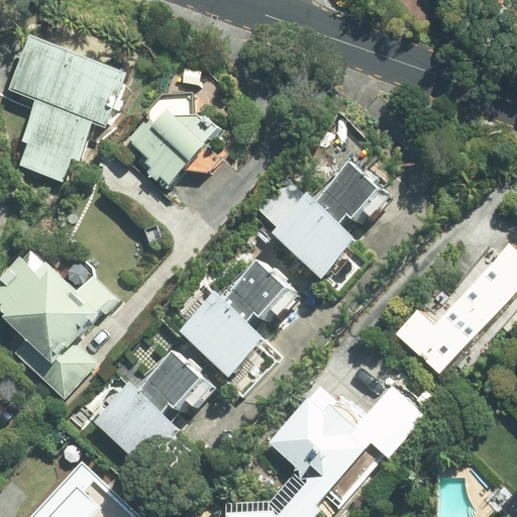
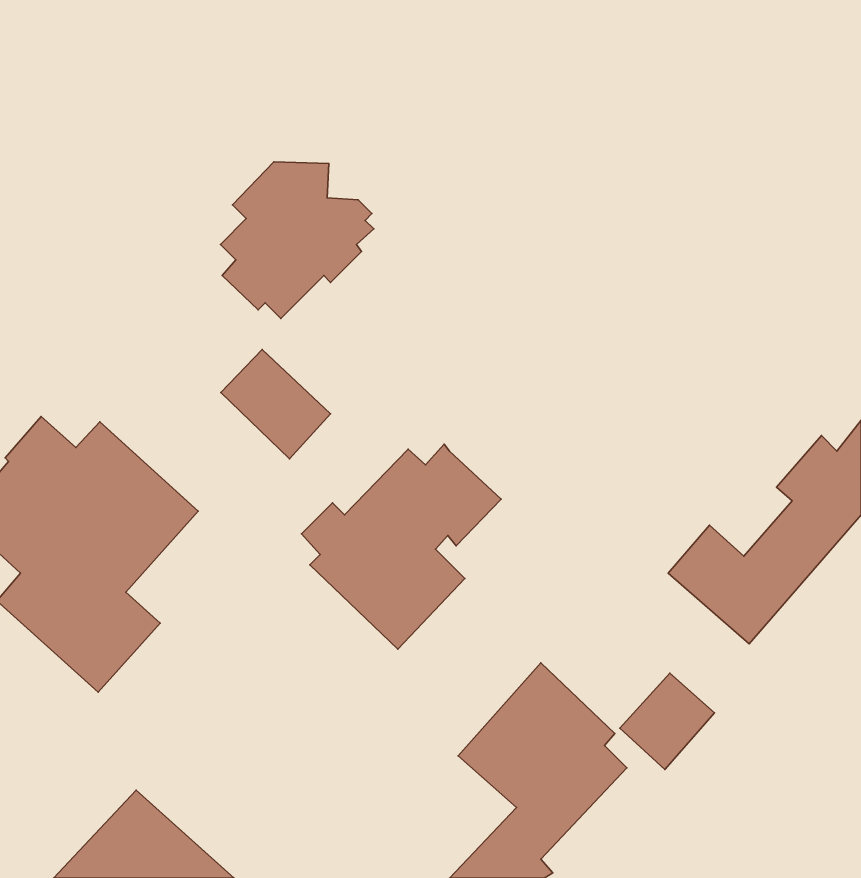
building: [9,31,131,183] -> none
building: [253,164,388,283] -> none
building: none -> [221,349,330,459]
building: [86,354,210,471] -> none

